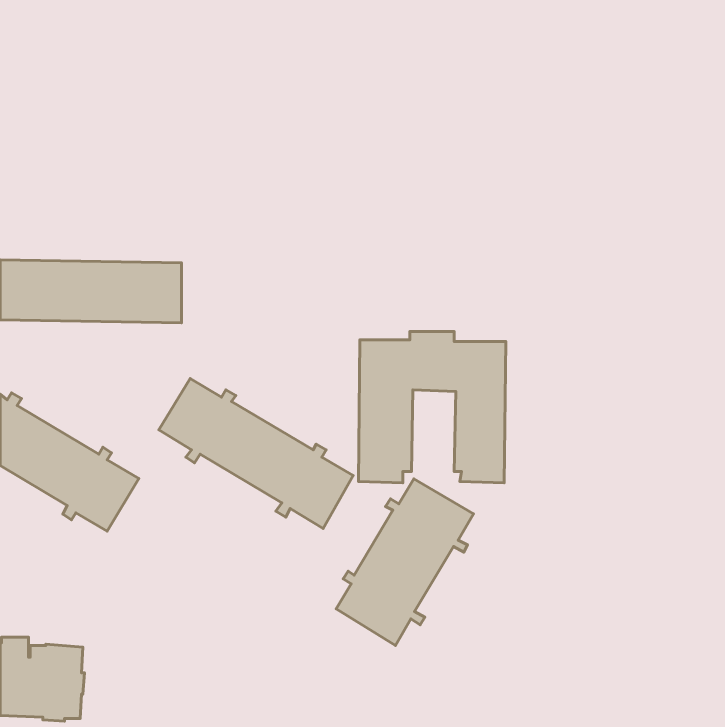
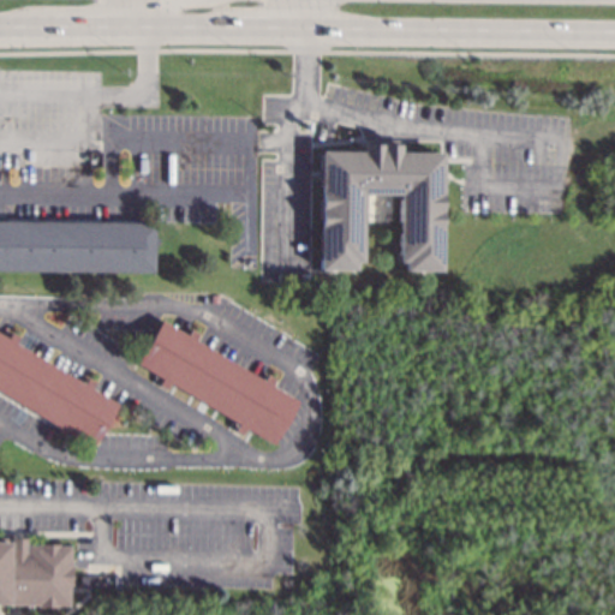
building: [358,331,506,483] -> [321,145,444,273]
building: [336,479,473,645] -> none

